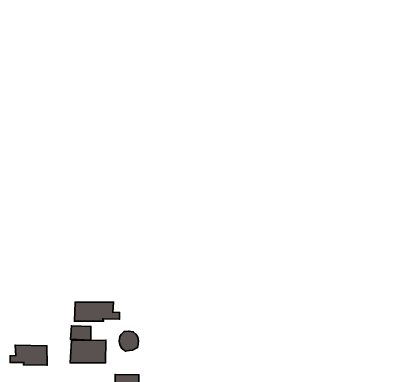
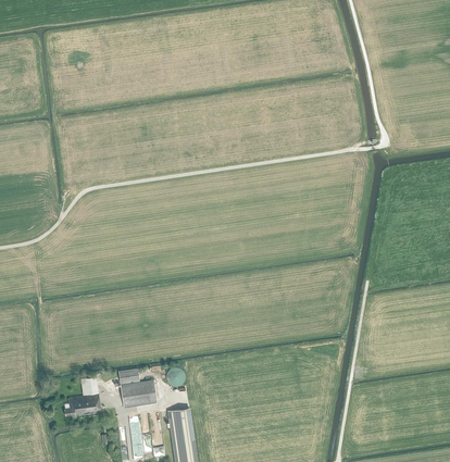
building: [75,302,120,321] -> none

